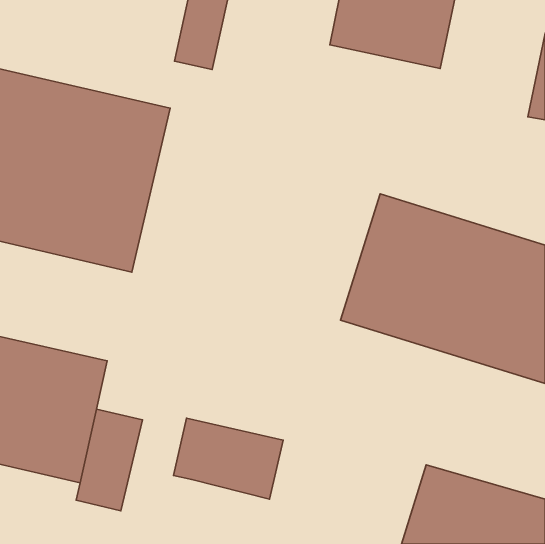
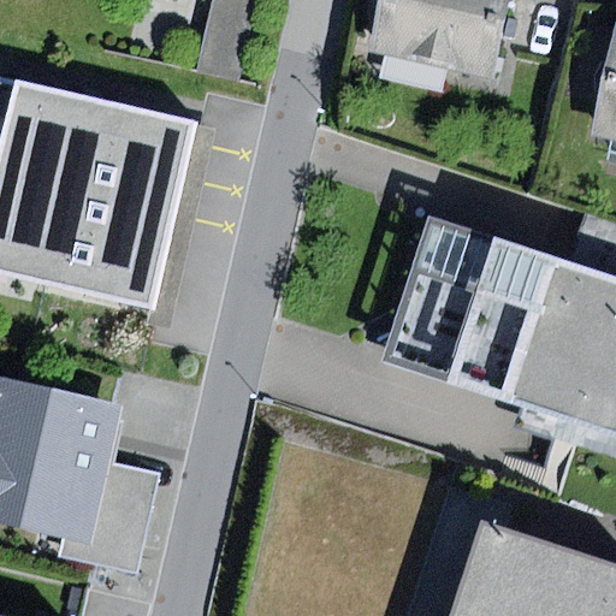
building: [173,418,283,499] -> none

